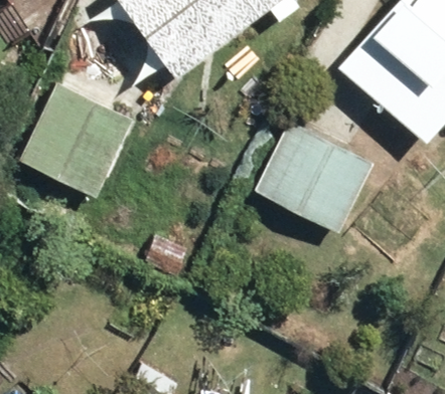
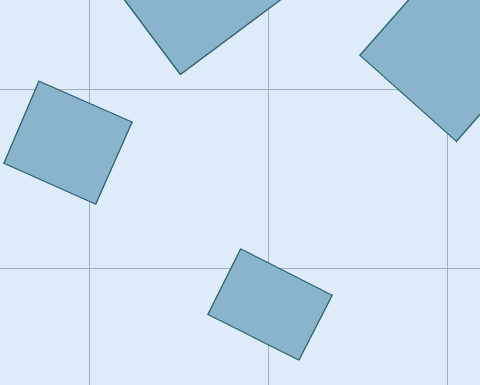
building: [250,116,377,233] -> none
building: none -> [208,249,332,360]

